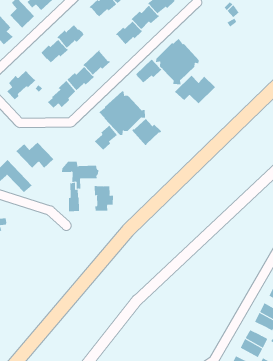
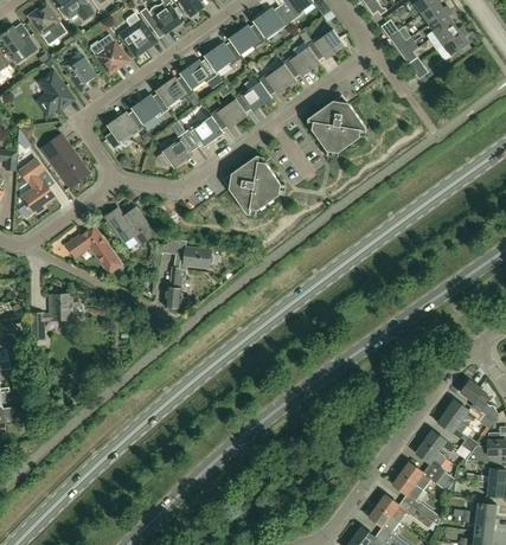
building: none -> [204,40,242,71]
building: none -> [130,92,168,123]
building: [135,58,162,84] -> [235,81,271,113]
building: [174,75,216,104] -> none
building: [131,118,162,146] -> none
building: [94,125,118,151] -> none
building: [94,185,114,211] -> none

